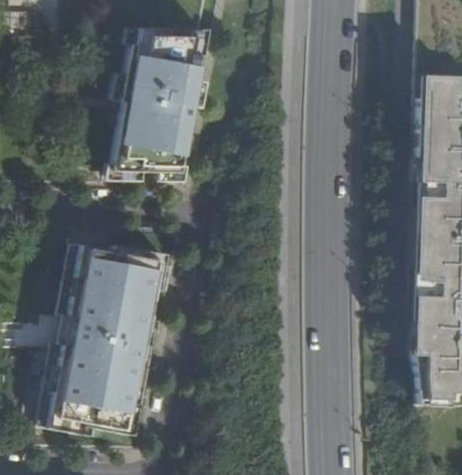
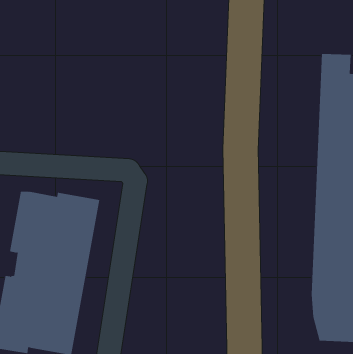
building: [114,22,208,166] -> none

